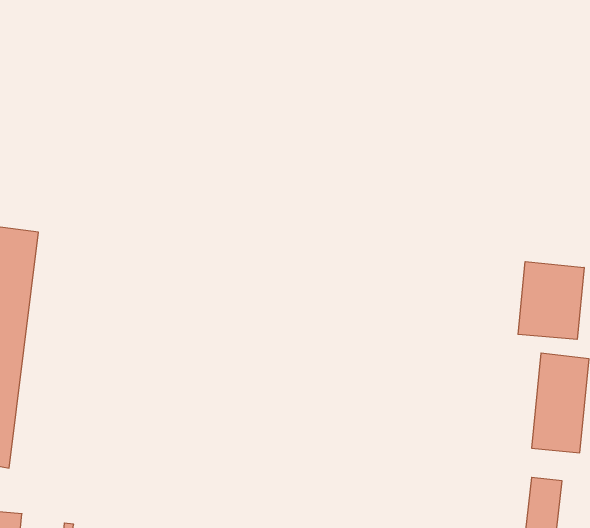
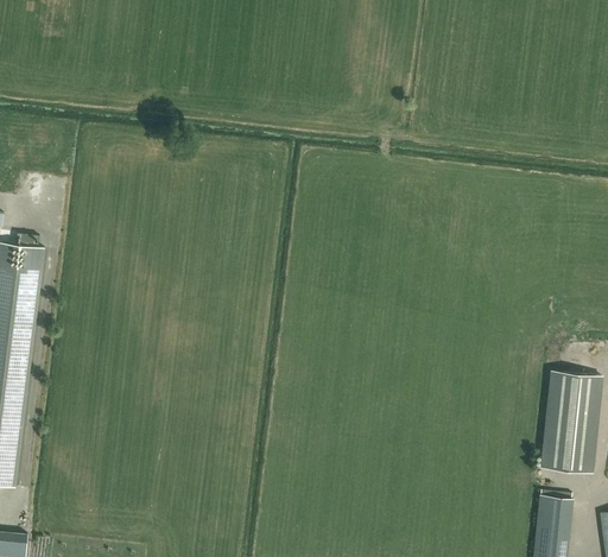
building: [518,262,584,339] -> none

